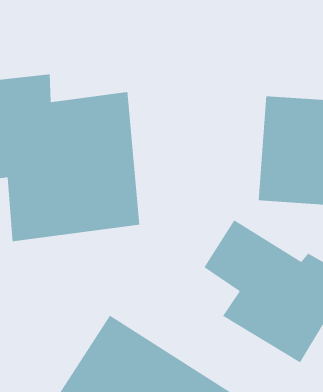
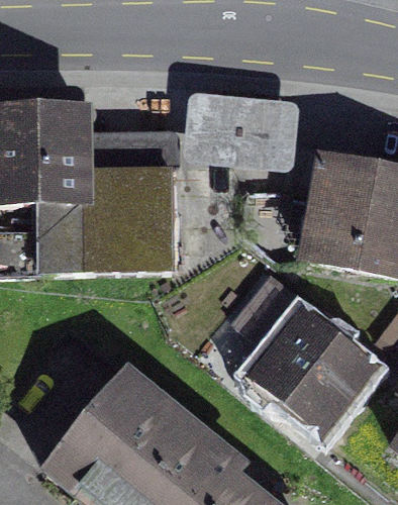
building: none -> [183,92,298,172]

